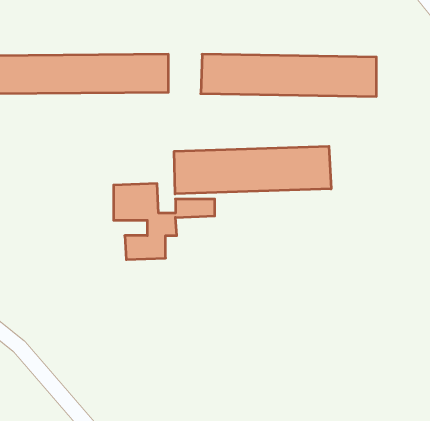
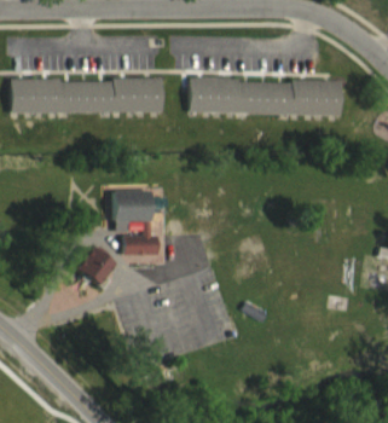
building: [174,146,331,194] -> none
building: none -> [76,247,114,284]

